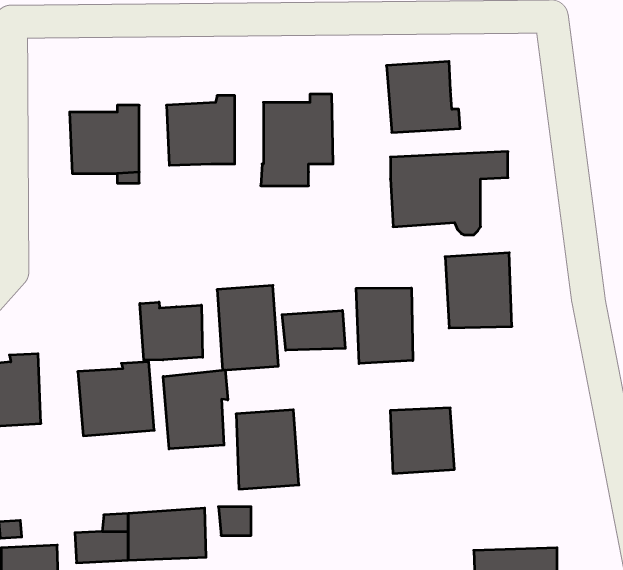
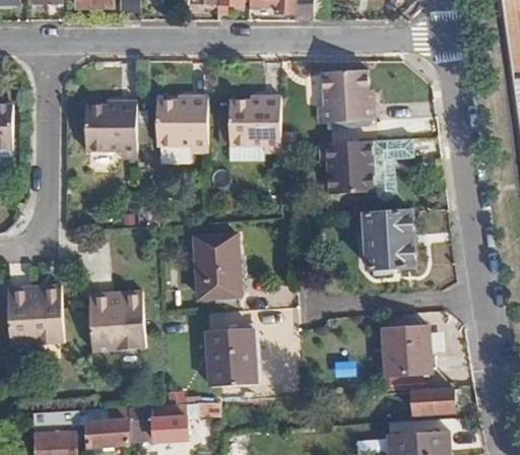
building: [356,288,413,364] -> none
building: [140,302,203,360] -> none
building: [282,310,345,350] -> none
building: [163,370,228,449] -> none
building: [390,408,454,473] -> [382,328,430,377]
building: none -> [411,388,453,412]

